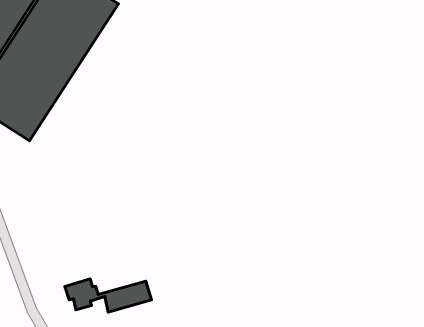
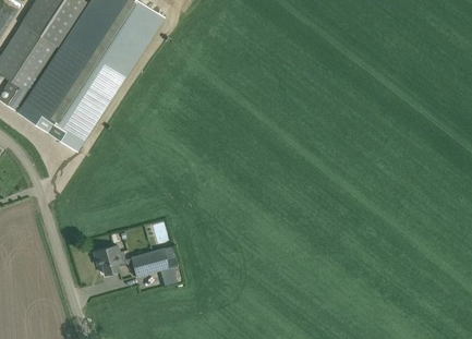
building: [65,279,151,312] -> [93,244,178,277]

